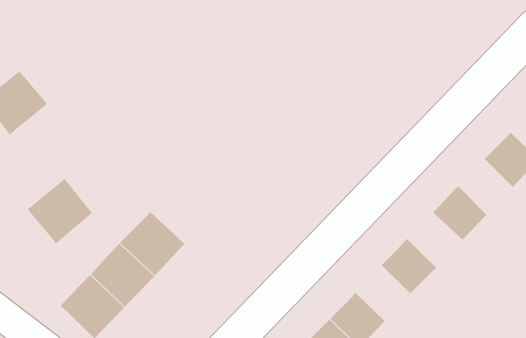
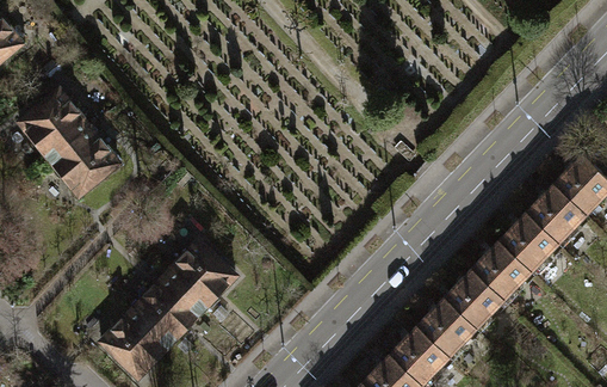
building: none -> [527,184,586,244]
building: [27,178,93,244] -> [49,125,119,196]
building: none -> [472,241,532,300]
building: none -> [417,297,476,357]

